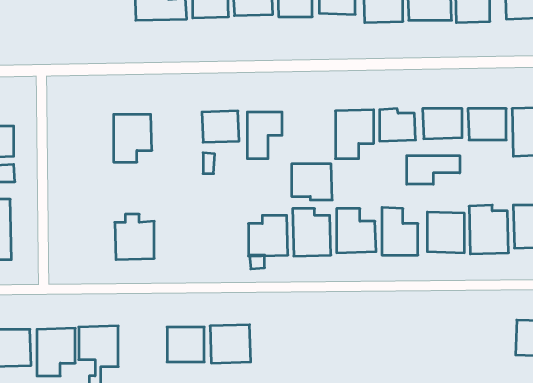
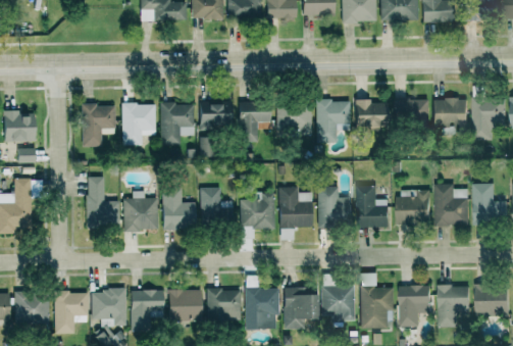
building: none -> [160,103,195,146]
building: none -> [81,105,114,147]
building: [407,156,460,184] -> none
building: [292,164,332,200] -> [276,104,312,136]
building: none -> [86,177,119,230]
building: none -> [200,188,233,223]
building: none -> [162,189,195,230]
building: none -> [398,285,430,328]
building: none -> [437,285,469,328]
building: none -> [320,286,354,328]
building: none -> [360,287,394,330]
building: none -> [244,288,279,330]
building: none -> [284,288,317,330]
building: none -> [131,291,163,332]

